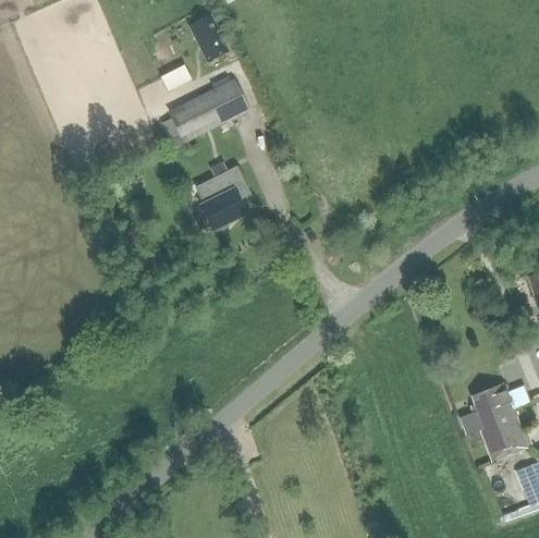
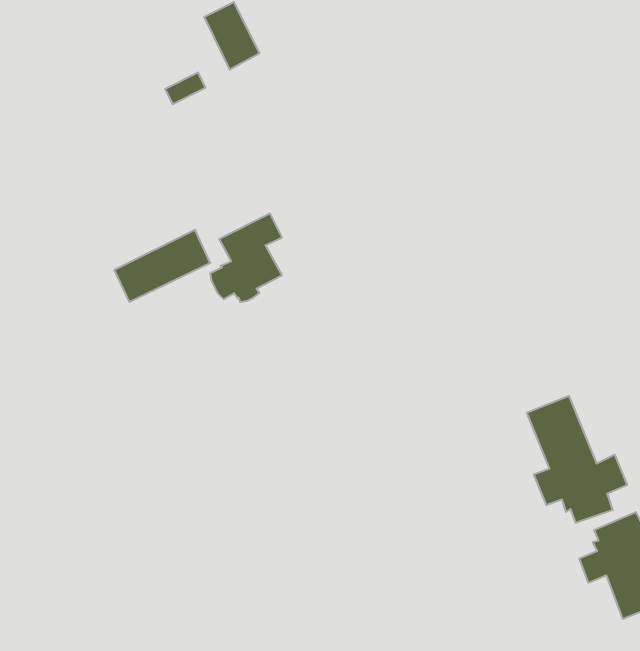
building: [173,83,243,135] -> [114,230,210,302]
building: none -> [527,396,627,523]

